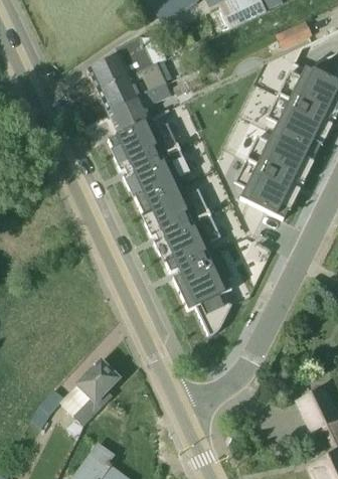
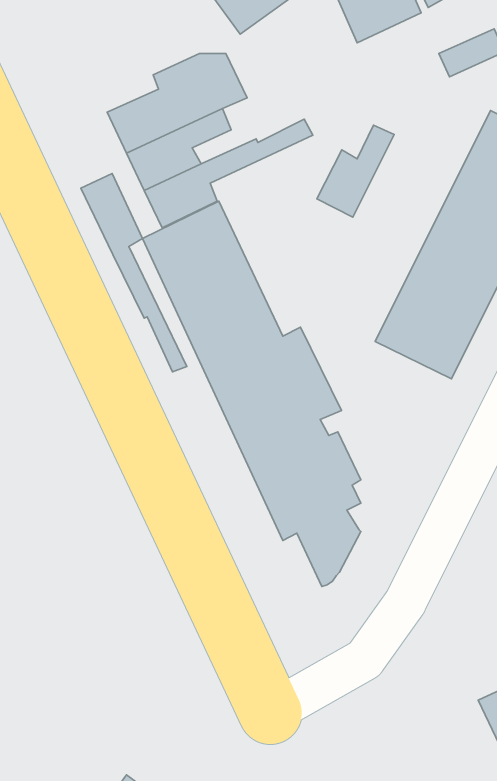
building: none -> [317,125,394,217]
building: none -> [81,173,187,372]
building: [32,358,121,436] -> none

